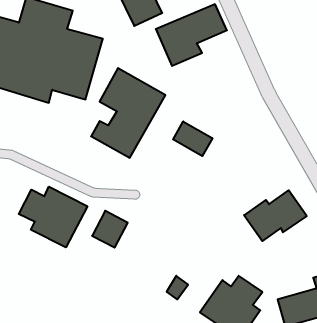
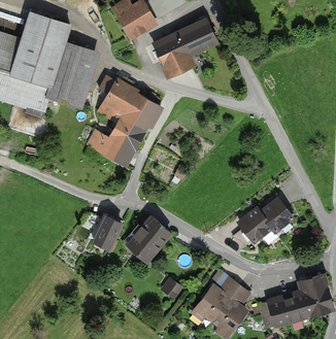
building: [173,121,212,156] -> none
building: [19,187,87,247] -> none
building: none -> [124,215,173,266]

